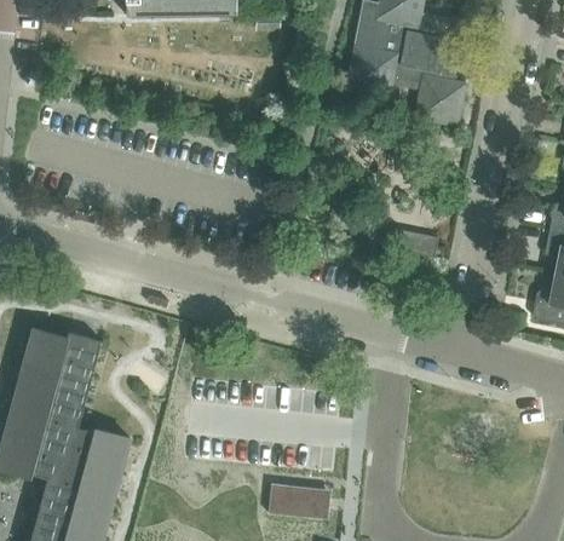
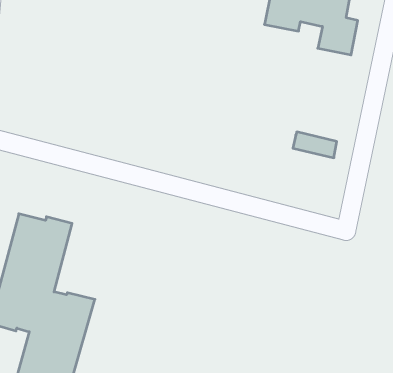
building: [269,483,330,518] -> none

